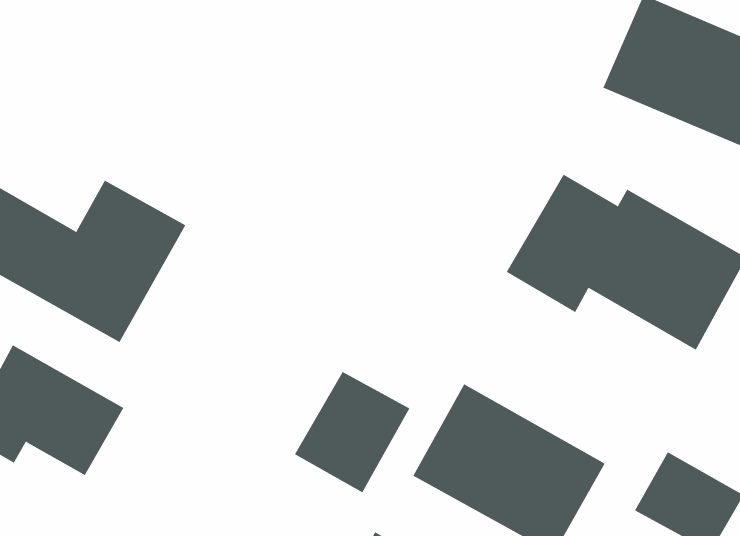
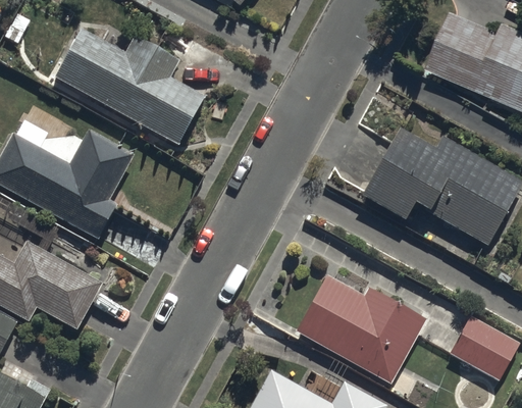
building: none -> [52,26,208,147]
building: [294,371,410,493] -> none

